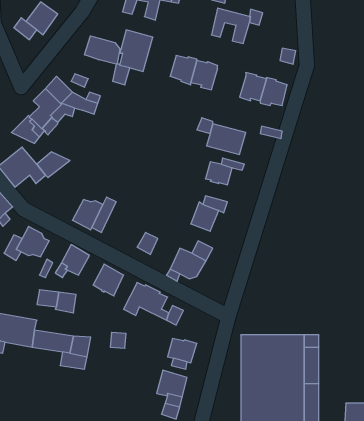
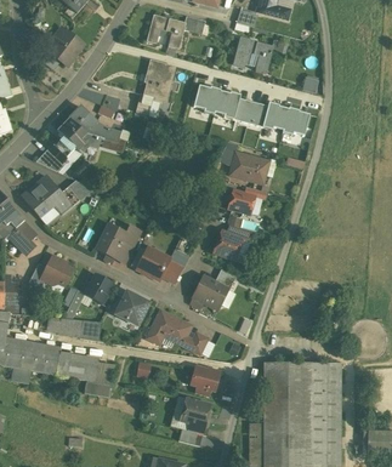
building: [85,36,120,64] -> none
building: none -> [234,98,268,126]
building: none -> [136,250,170,280]

